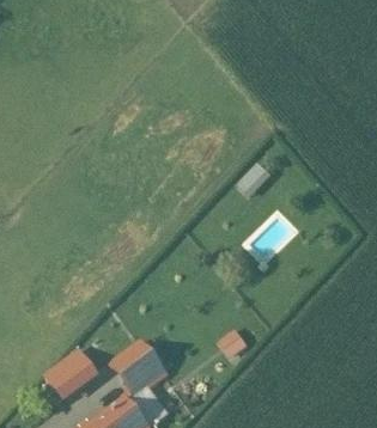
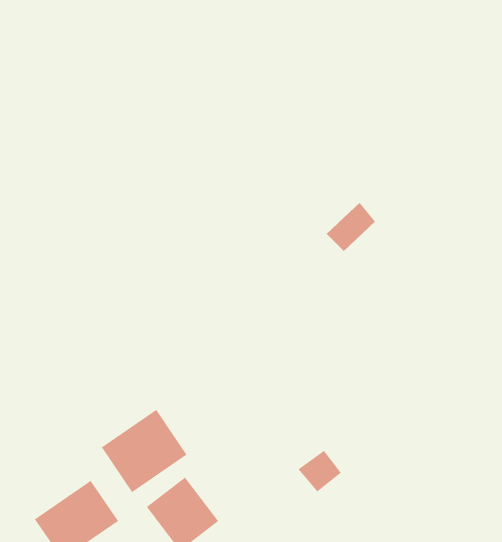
building: none -> [101,409,188,493]

